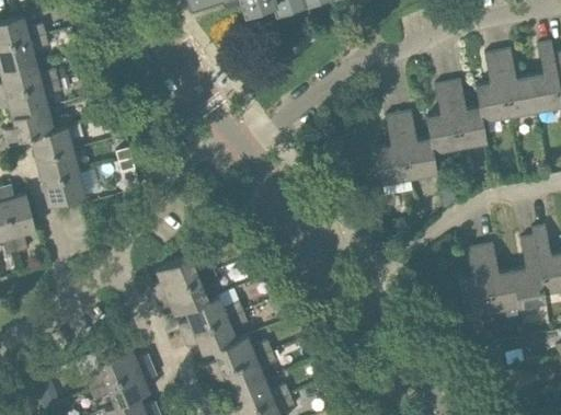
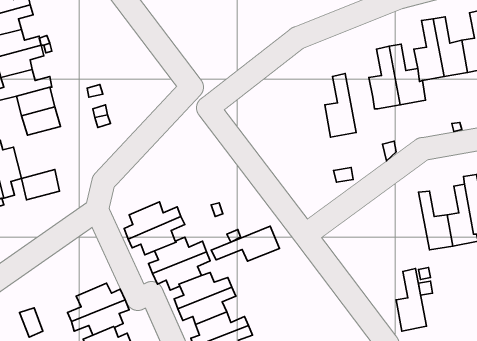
building: [399,113,438,181] -> none
building: [43,174,85,208] -> [21,170,60,200]
building: [459,247,493,318] -> [396,268,426,331]
building: none -> [211,226,280,261]

